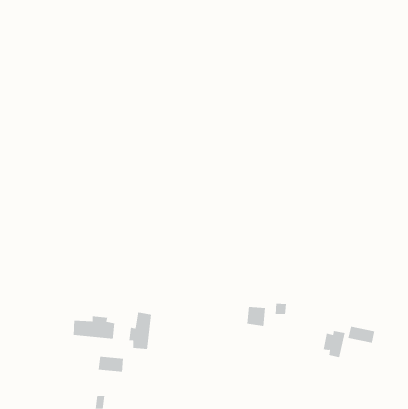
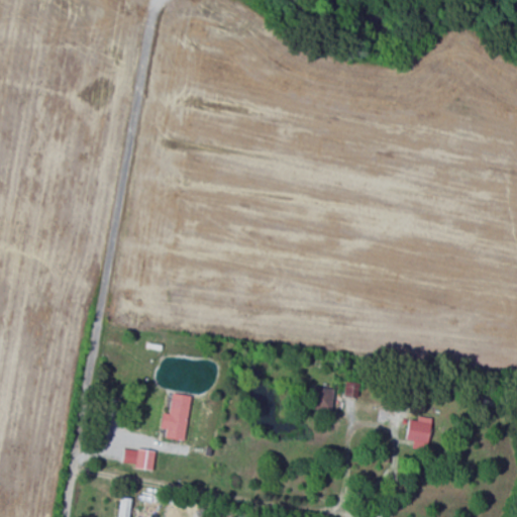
building: [73,316,115,339] -> none
building: [348,326,375,344] -> none

